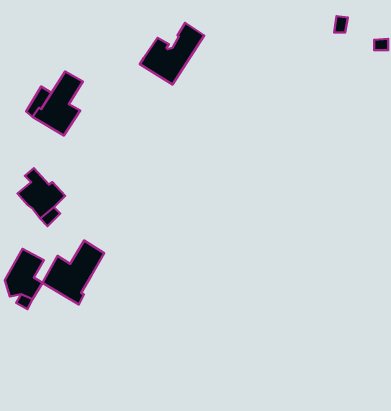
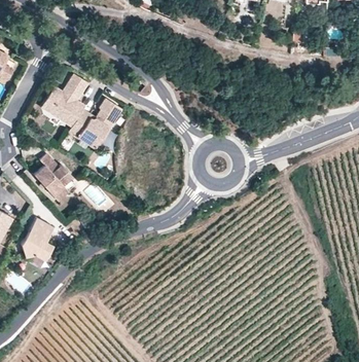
building: [140,23,204,84] -> [69,98,121,148]
building: [43,241,104,305] -> none

